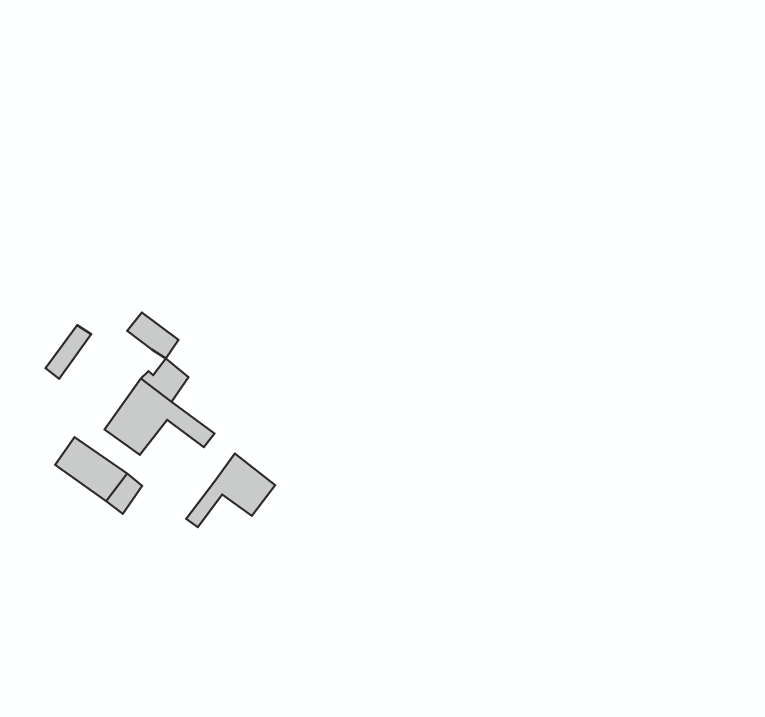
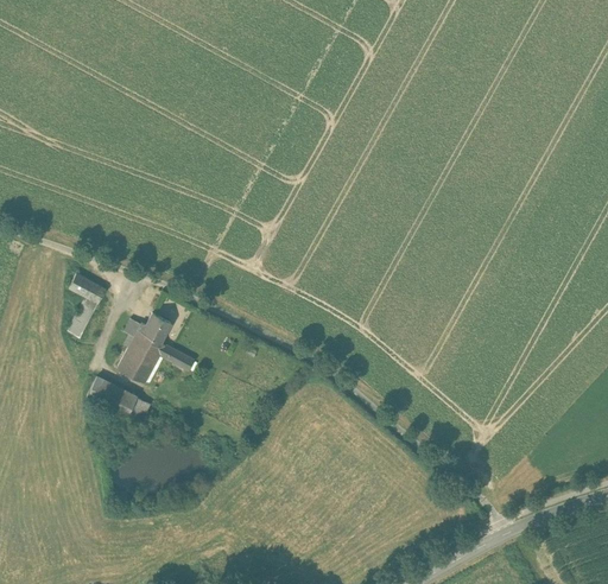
building: [127,313,179,358] -> [68,273,104,303]
building: [186,454,275,527] -> none

